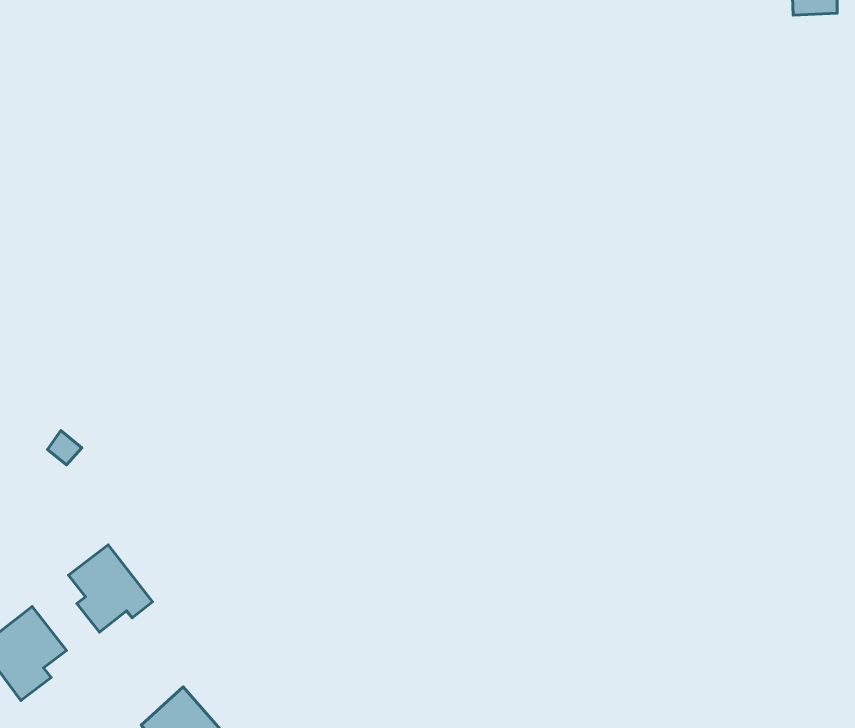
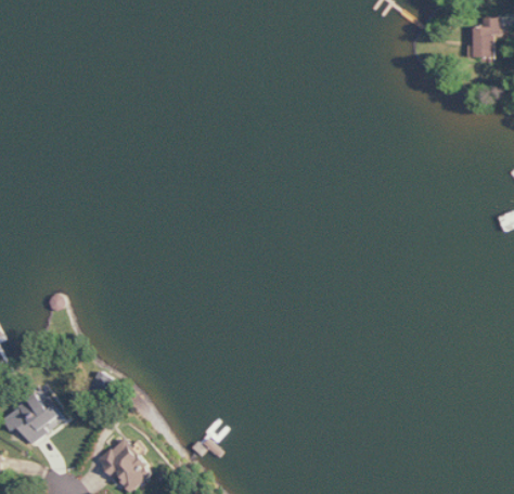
building: [68,545,152,632] -> none

